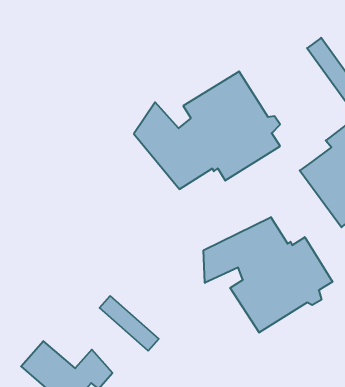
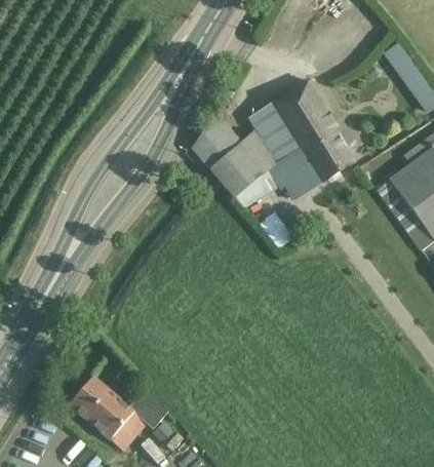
building: [204,217,333,333] -> none
building: [100,296,159,351] -> none

